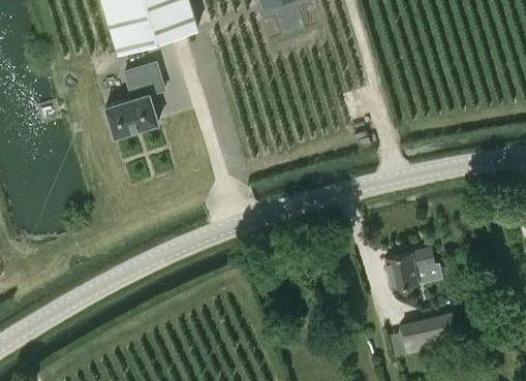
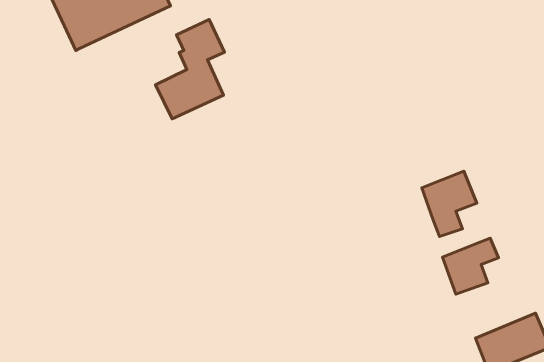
building: [105,61,164,135] -> [155,19,225,119]
building: none -> [422,171,477,237]

